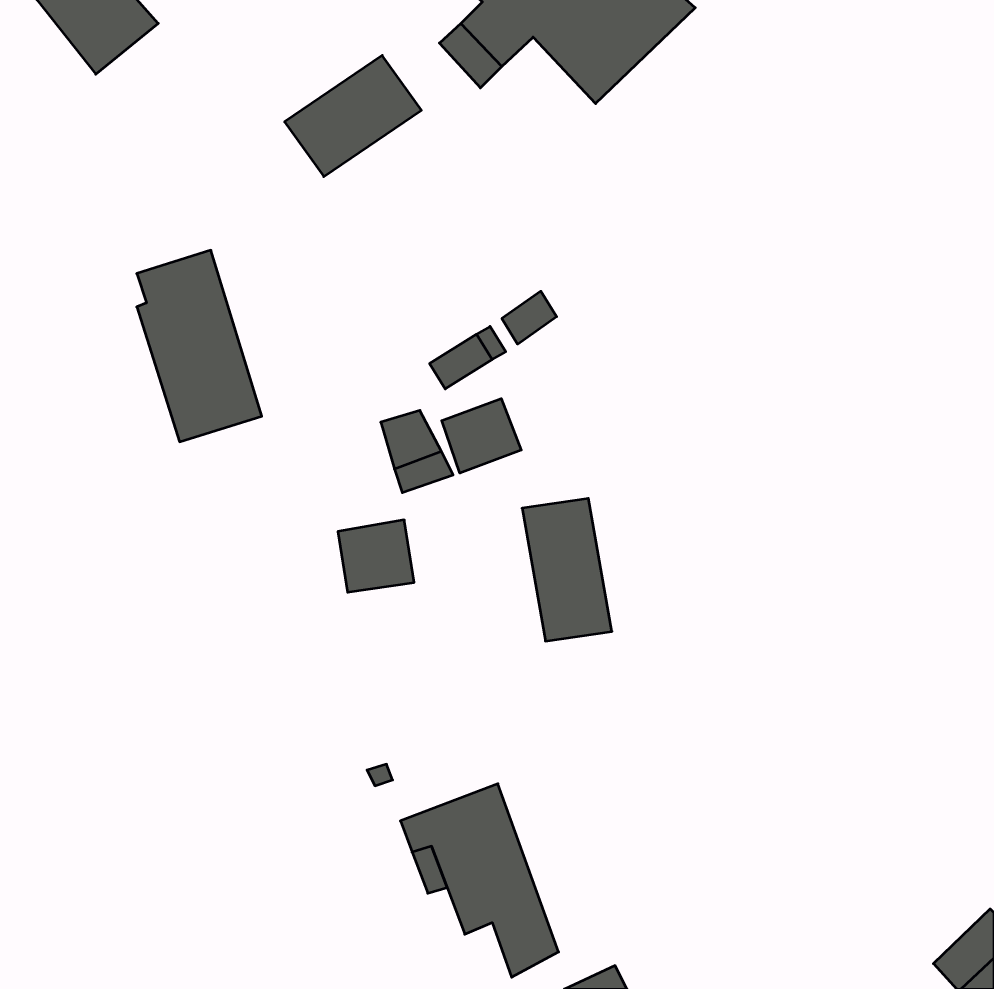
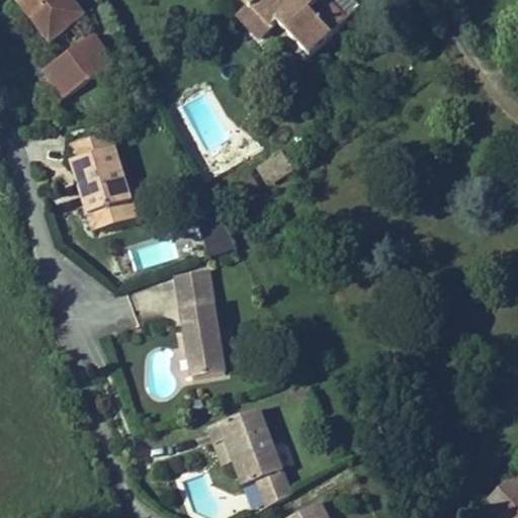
building: [285,55,421,177] -> [42,32,113,95]
building: [442,399,521,473] -> none
building: [522,498,612,641] -> [180,301,227,375]

